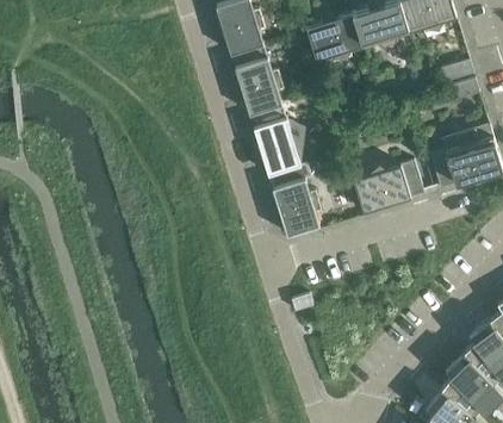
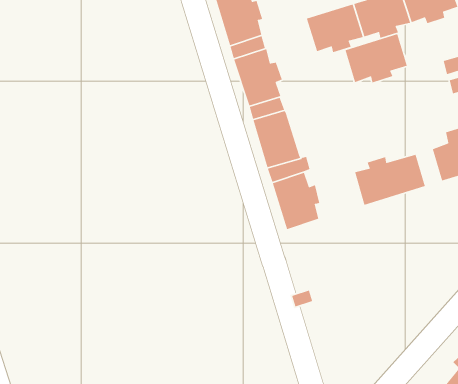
building: none -> [345,33,408,83]

